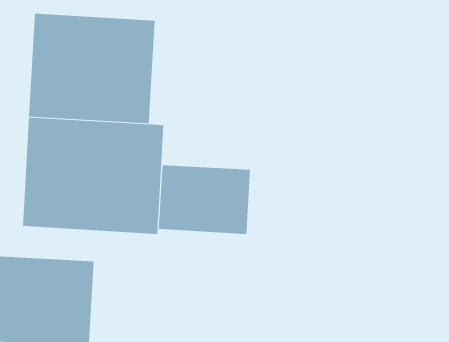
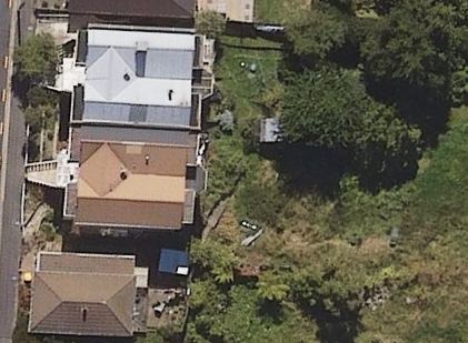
building: [158,165,251,235] -> none

